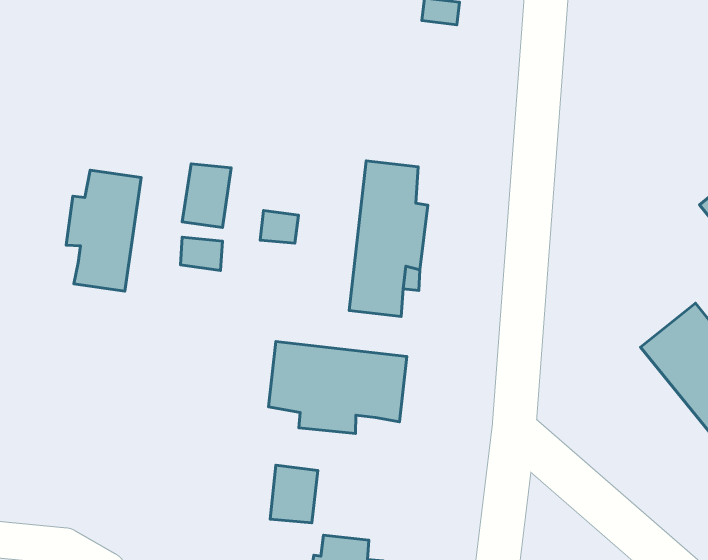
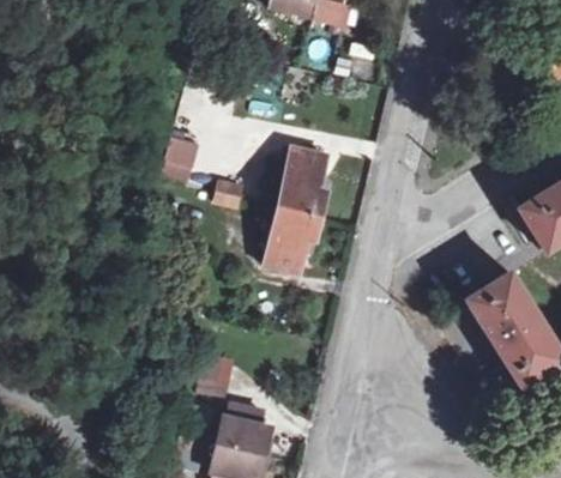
building: [66,170,141,291] -> none
building: [269,342,407,433] -> none

